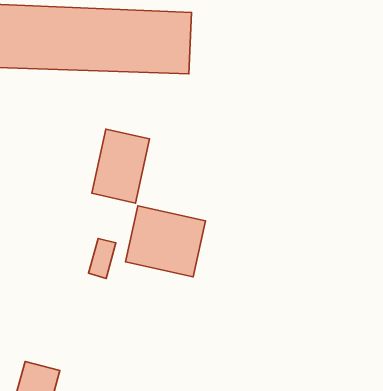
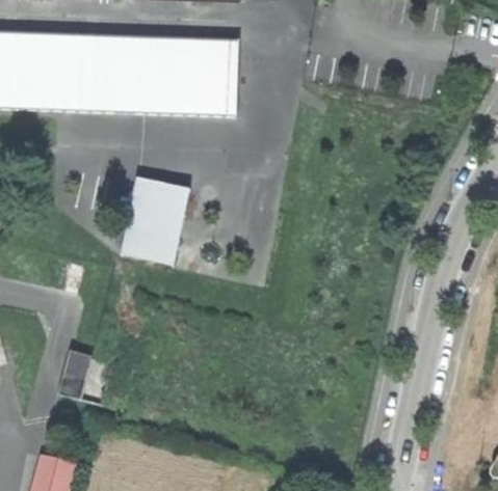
building: [126,206,206,277] -> none
building: [88,238,116,278] -> [57,352,89,399]

